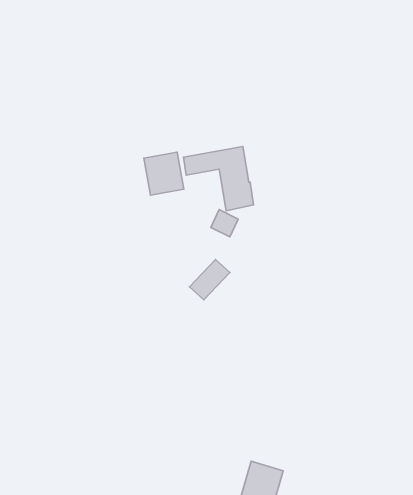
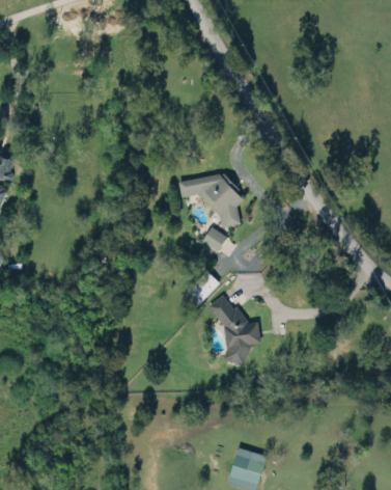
building: [144,152,184,195] -> none
building: none -> [218,299,261,364]

